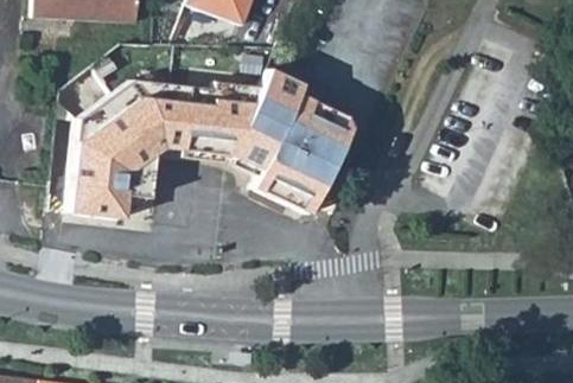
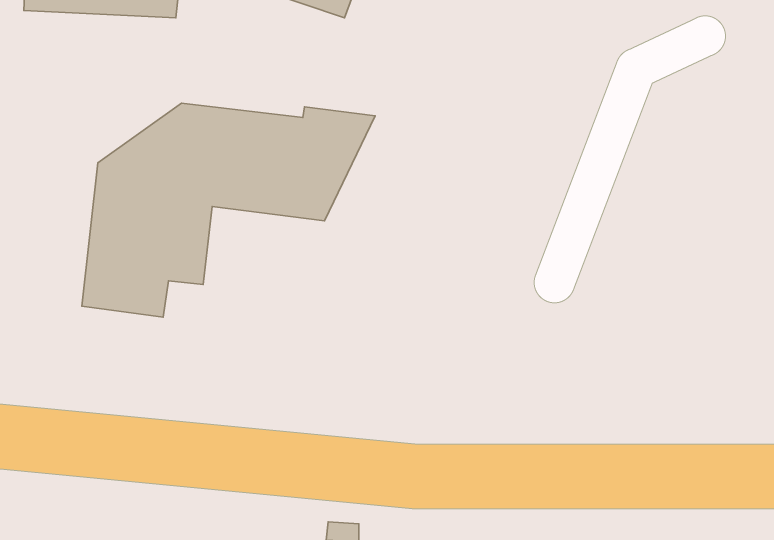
building: [230,78,351,215] -> none

